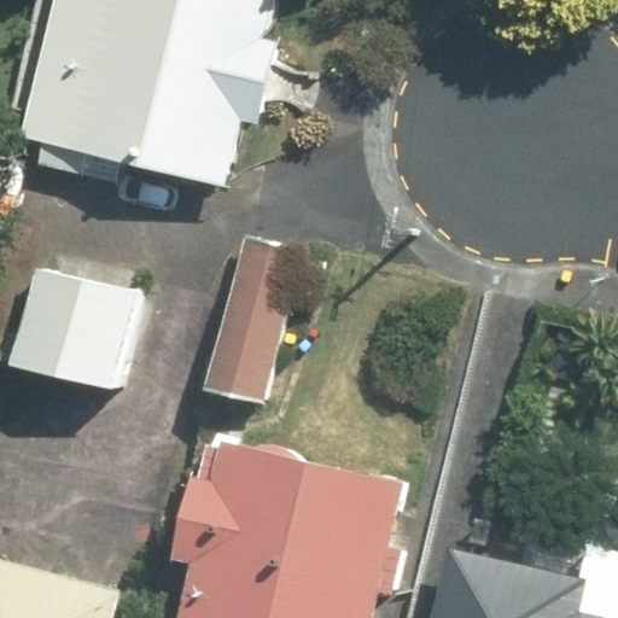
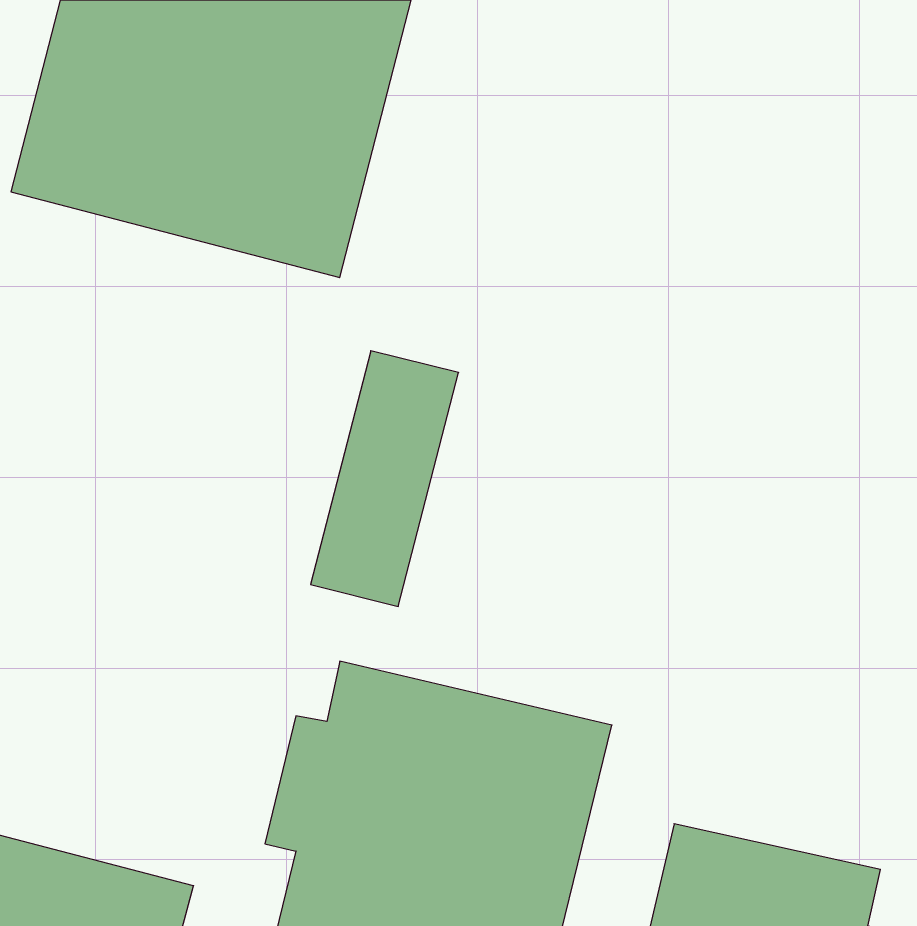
building: [13,269,138,389] -> none

